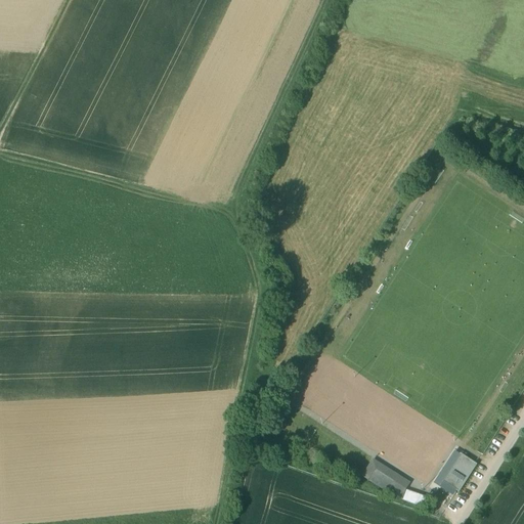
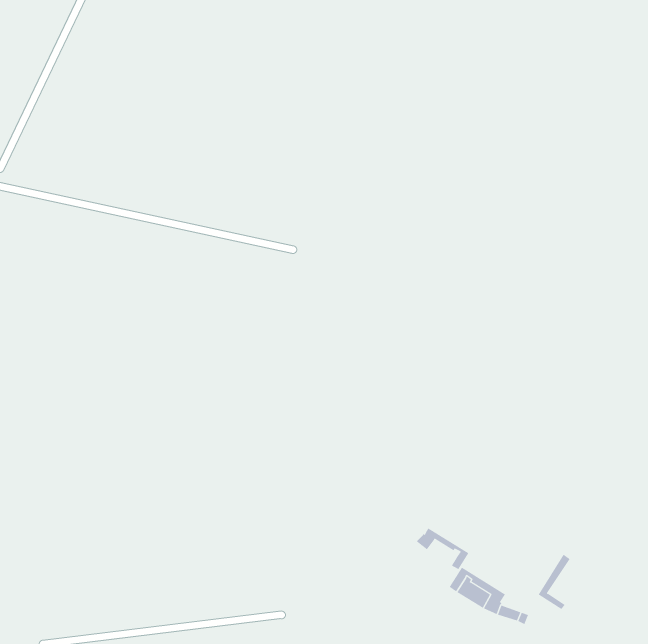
building: none -> [416,527,469,570]
building: [442,451,477,490] -> none

